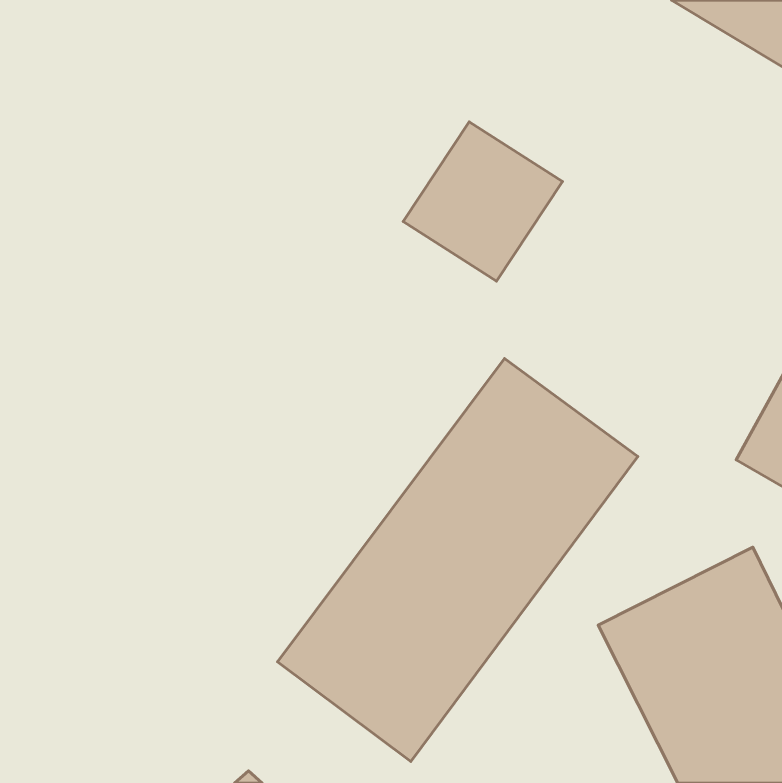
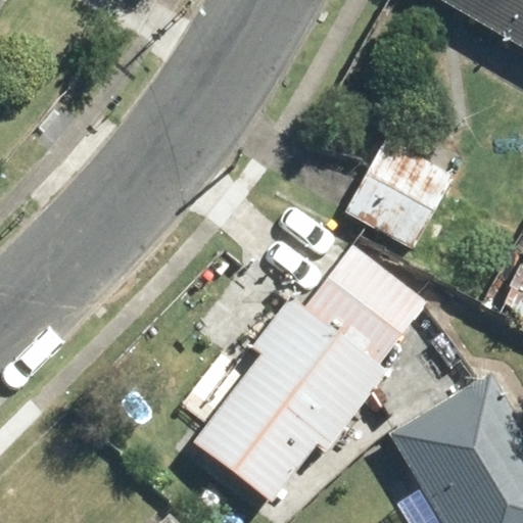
building: [403,122,563,281] -> [347,145,454,251]

